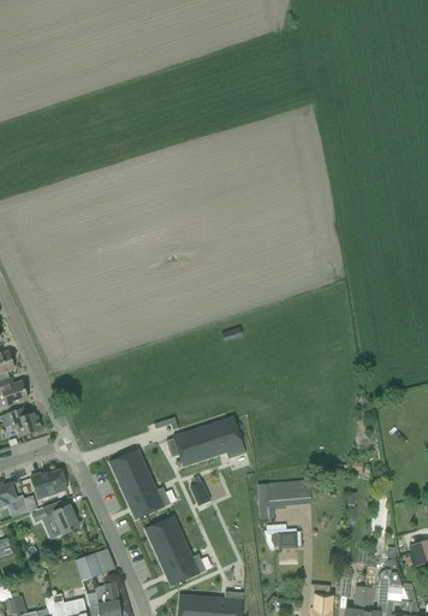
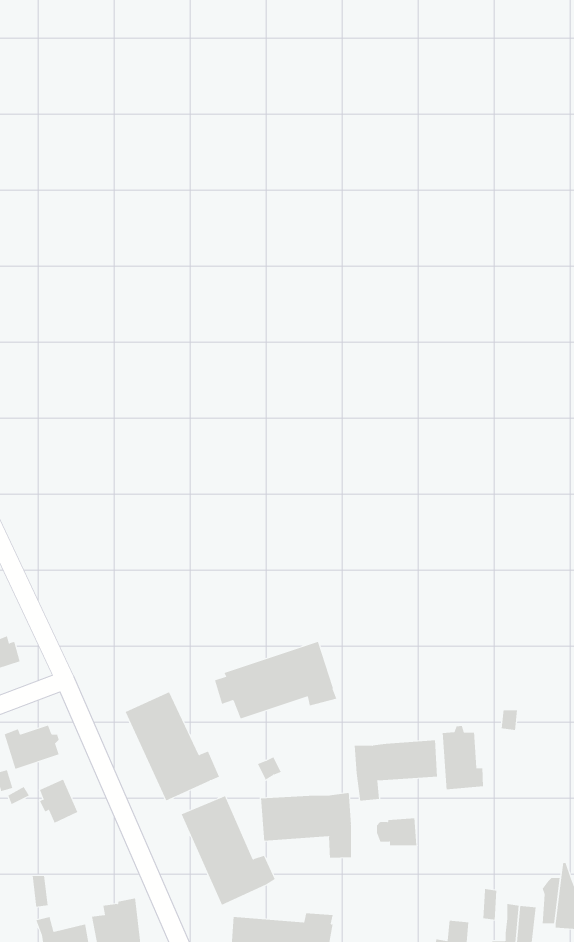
building: none -> [442,725,484,790]
building: none -> [260,792,352,859]
building: [75,547,114,580] -> none

